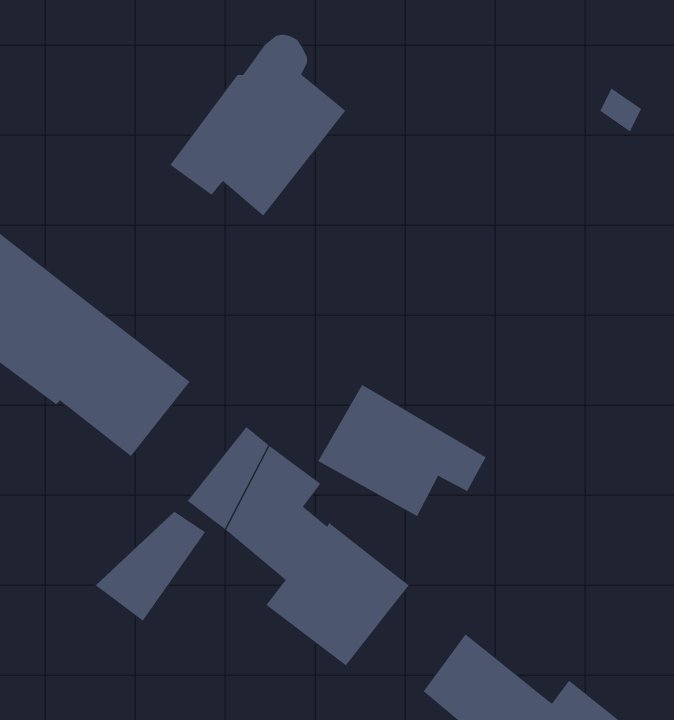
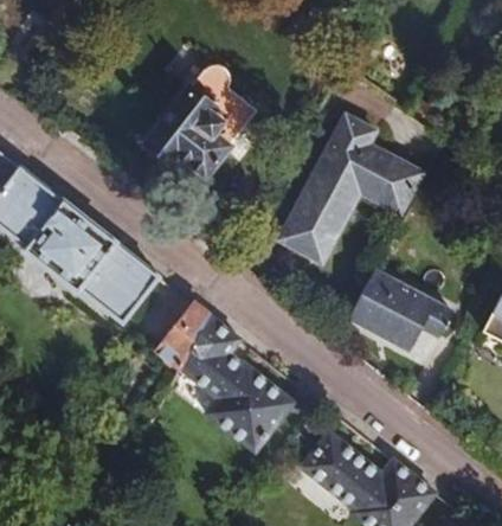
building: none -> [283,118,423,249]
building: [318,384,487,517] -> [347,269,451,351]
building: [95,511,206,621] -> none

